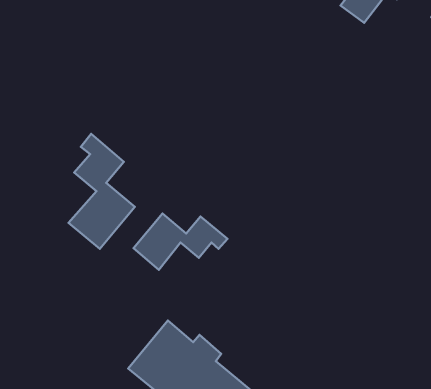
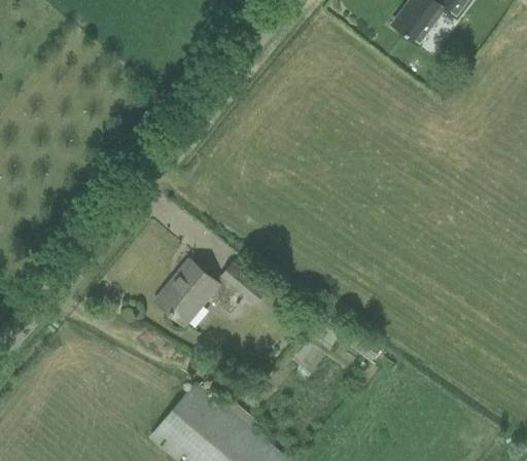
building: [68,134,135,249] -> none

